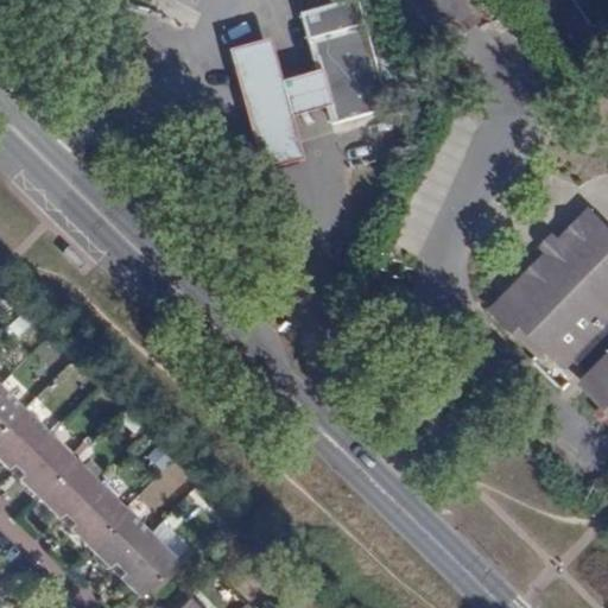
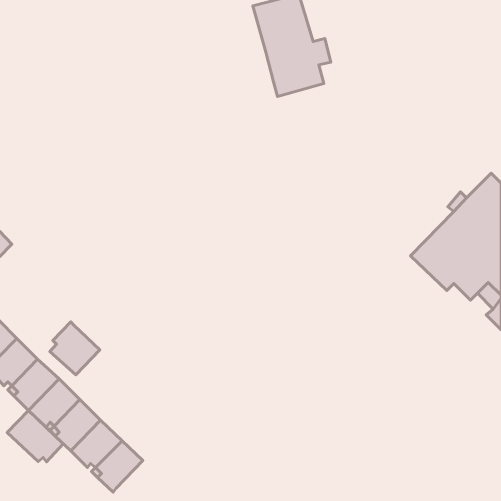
building: [239,31,330,162] -> none
building: none -> [50,322,100,375]
building: none -> [7,411,63,462]

